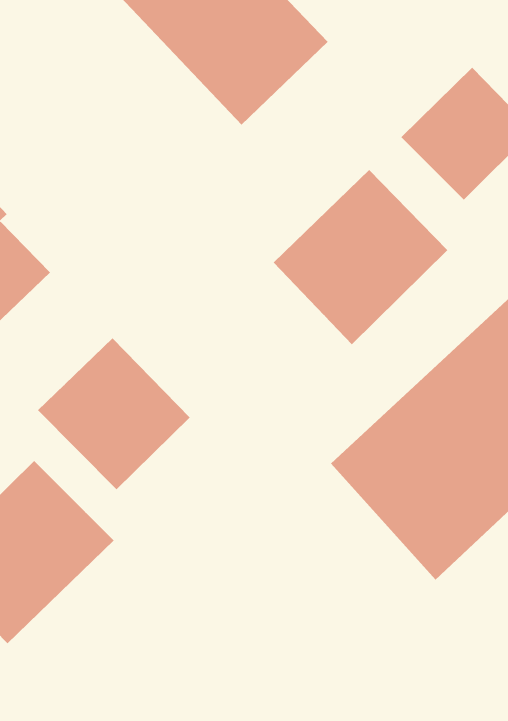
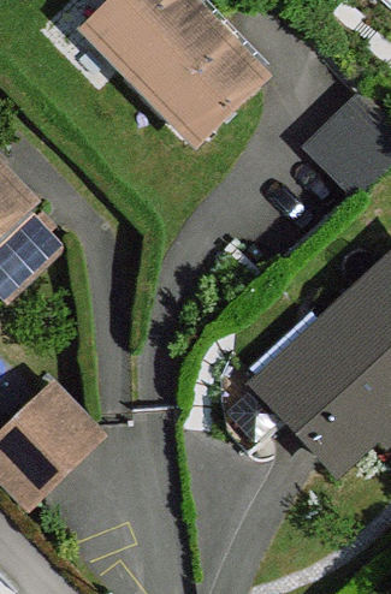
building: [273,169,448,345] -> none
building: [37,337,191,490] -> none

